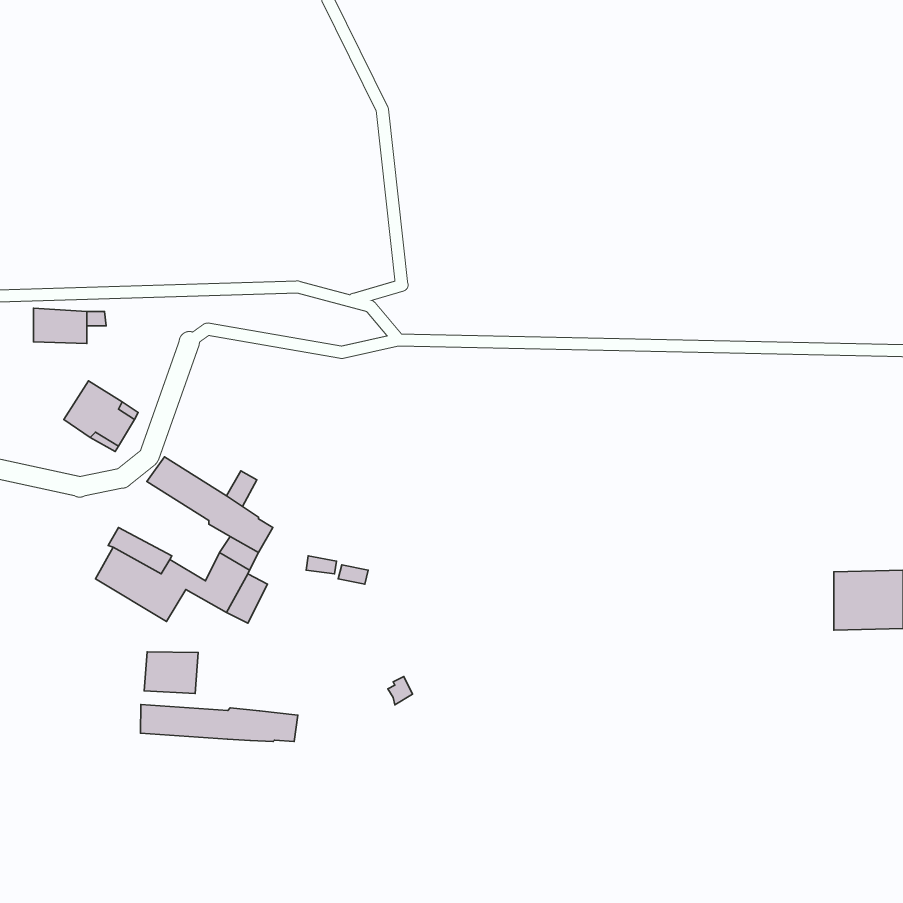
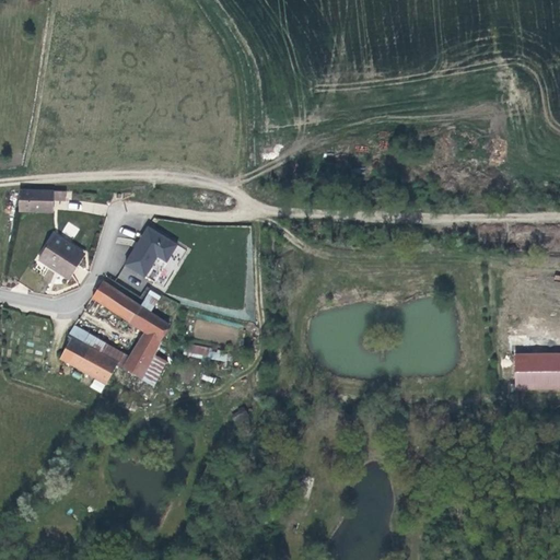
building: none -> [125,226,177,276]
building: [144,652,198,693] -> none
building: [141,704,298,742] -> none

